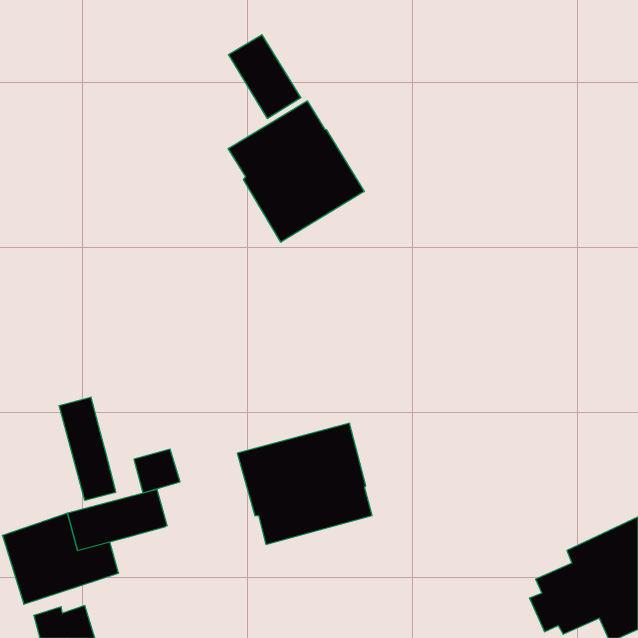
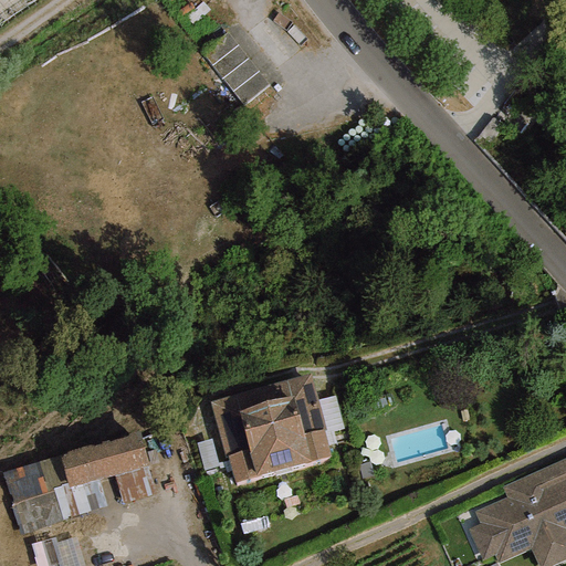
building: [228,101,364,242] -> none
building: [59,397,116,500] -> none
building: [134,449,180,493] -> [114,467,155,505]

